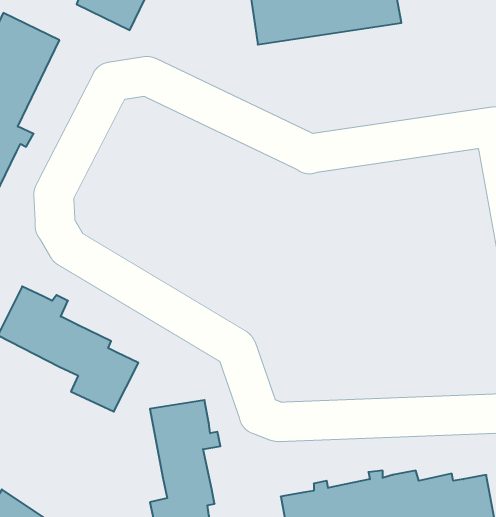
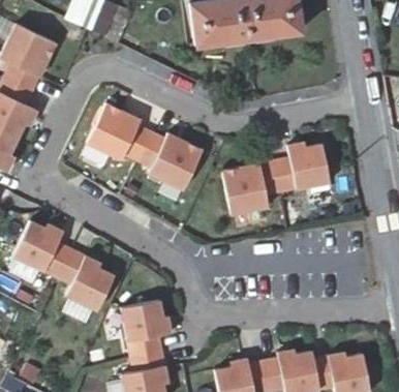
building: none -> [86,102,202,189]
building: none -> [221,143,328,214]

